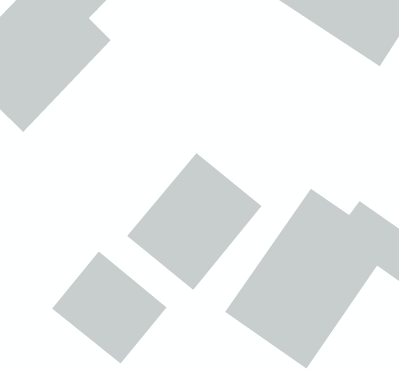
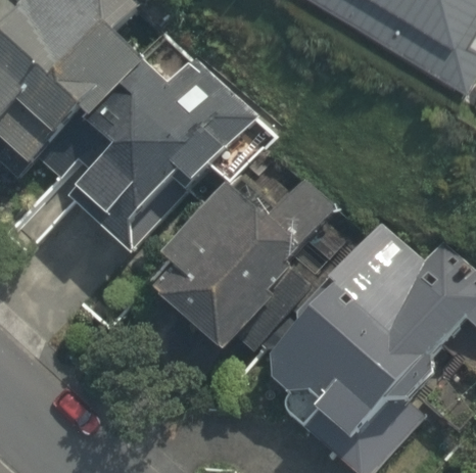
building: none -> [83,69,241,227]
building: [51,251,168,365] -> none

